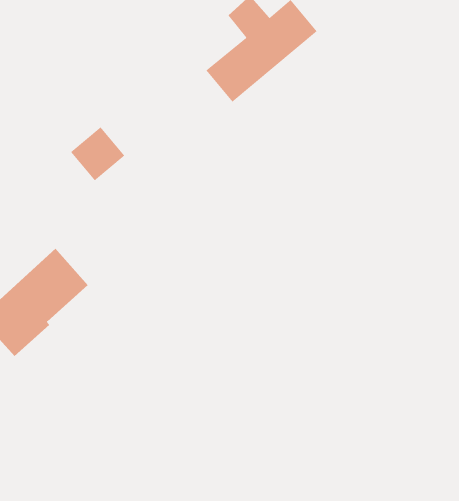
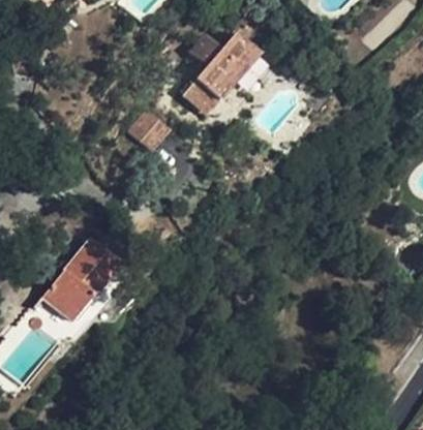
building: [70,127,125,181] -> [127,108,168,148]

